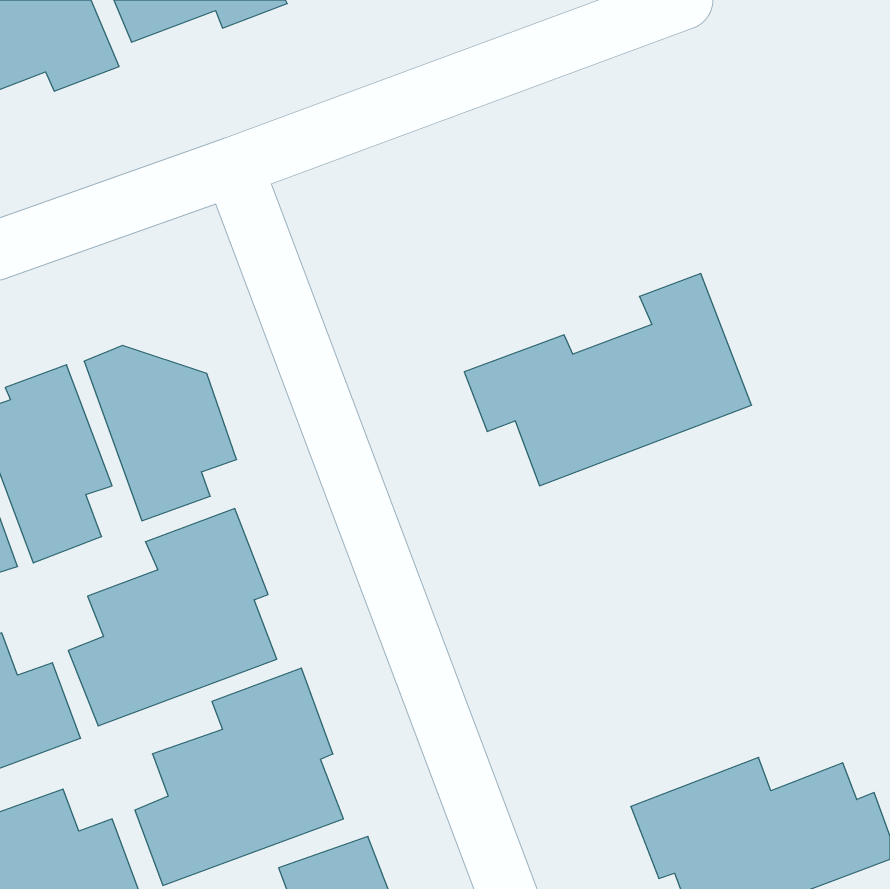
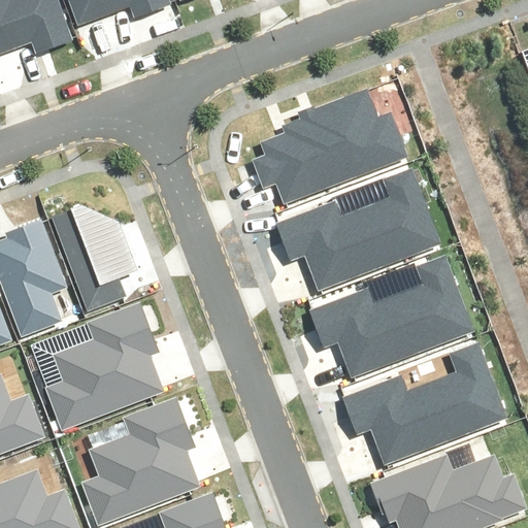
building: none -> [257,90,406,199]
building: none -> [302,251,470,375]
building: none -> [341,339,510,465]

